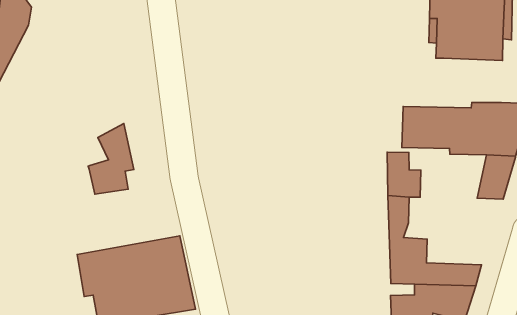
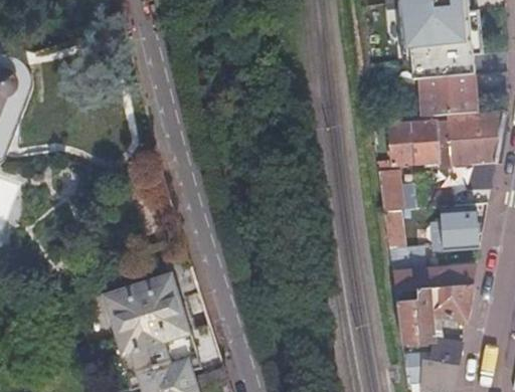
building: none -> [418,72,477,117]
building: [88,123,134,194] -> none
building: none -> [433,208,480,249]

